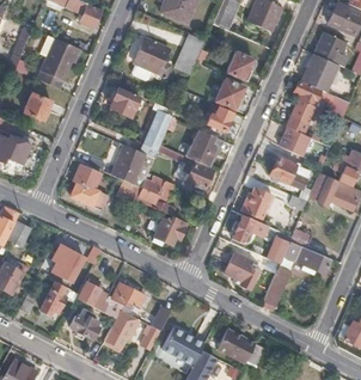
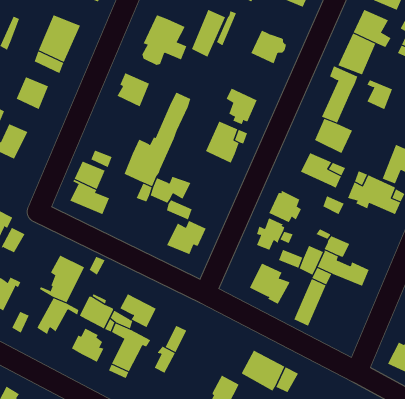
building: [216,79,247,111] -> none
building: [184,159,213,189] -> none
building: [161,327,204,364] -> none

